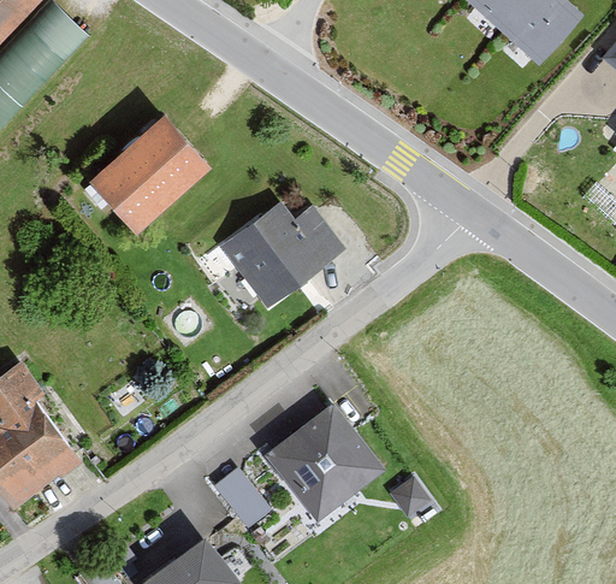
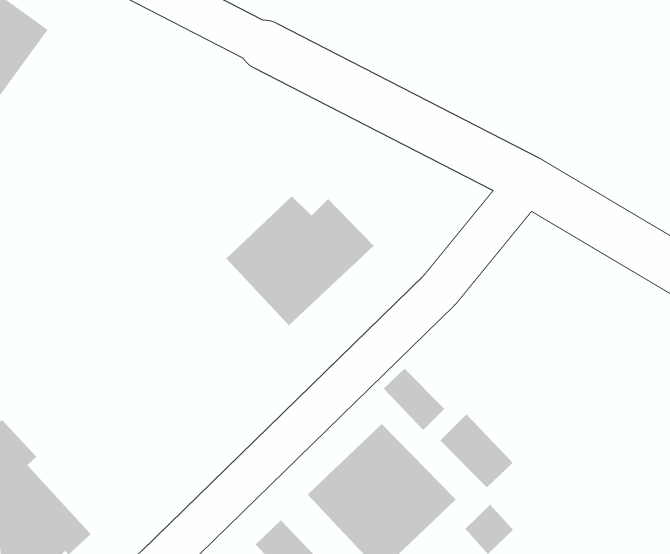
building: [83,102,206,220] -> none
building: none -> [383,368,445,431]
building: none -> [440,414,514,488]

